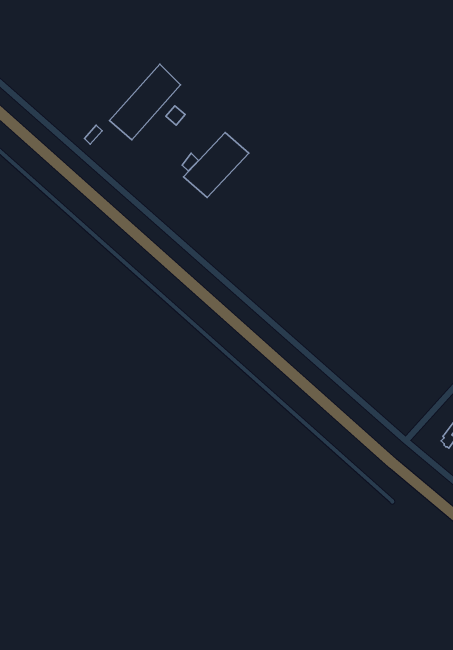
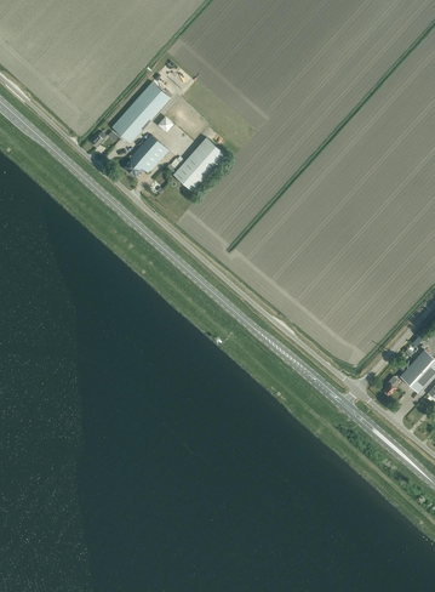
building: none -> [124,135,168,176]

